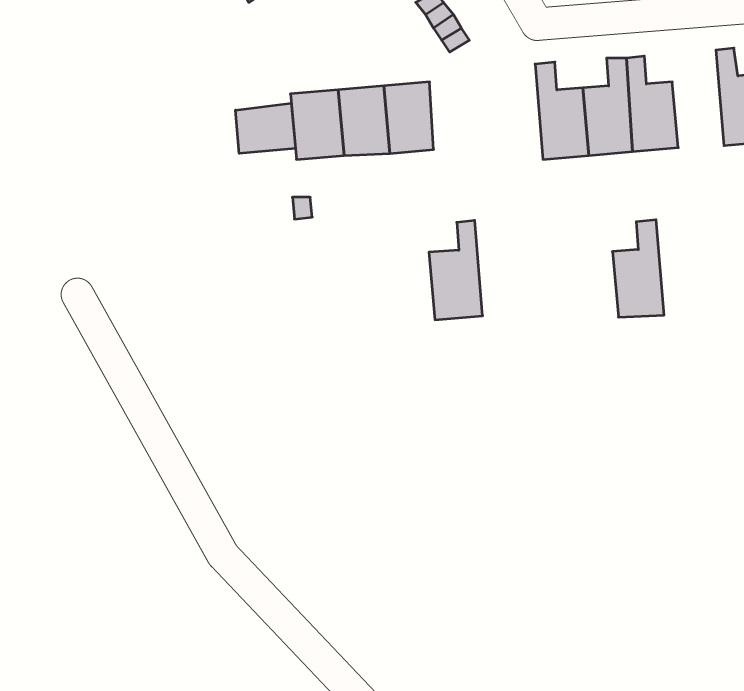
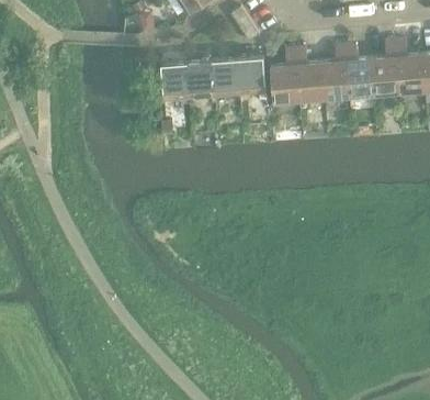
building: none -> [238,56,267,95]
building: [236,103,295,153] -> none
building: [612,220,664,317] -> [372,40,400,93]
building: [429,220,483,320] -> [271,47,301,102]

